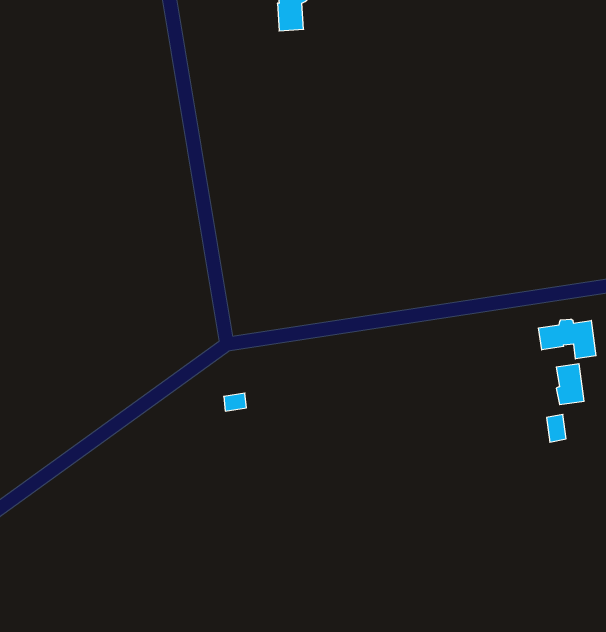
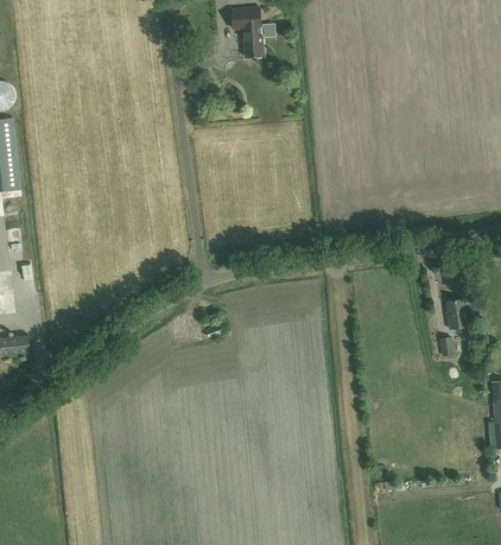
building: [539,319,596,359] -> none

